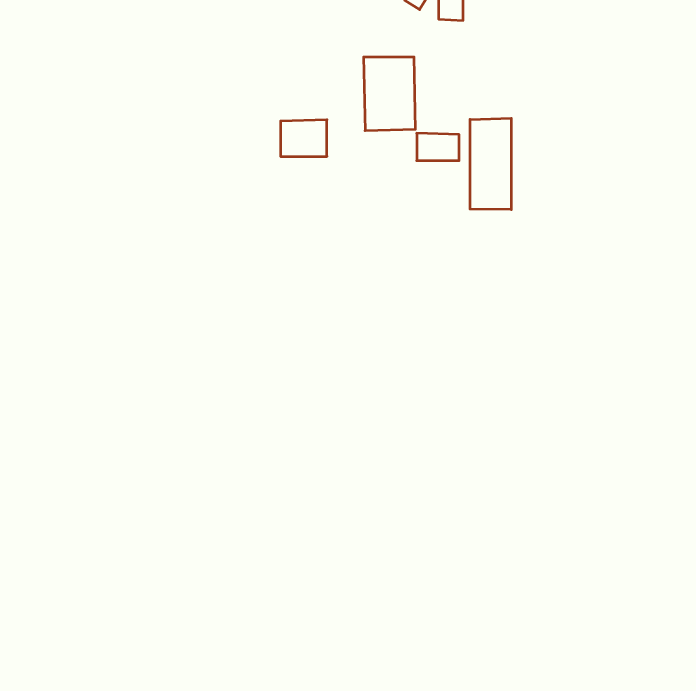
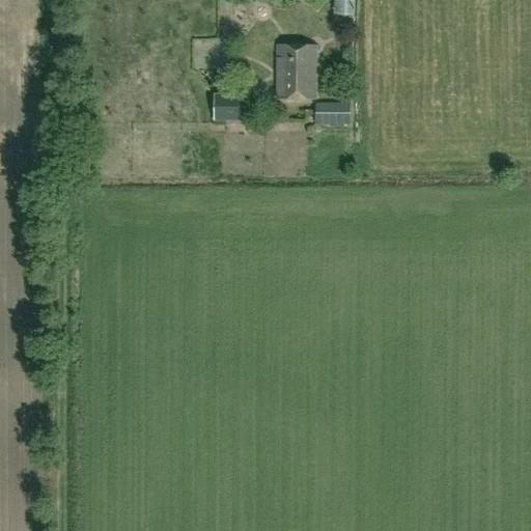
building: [470,118,511,210] -> none

